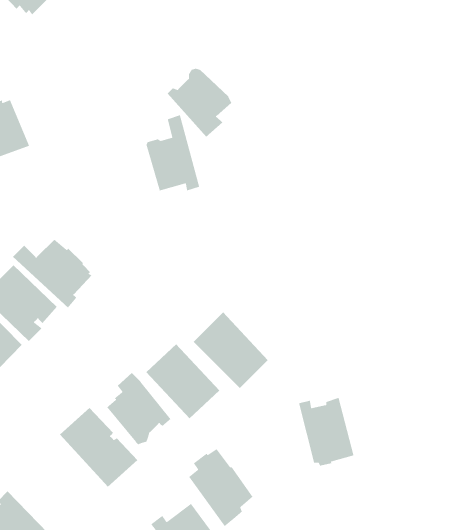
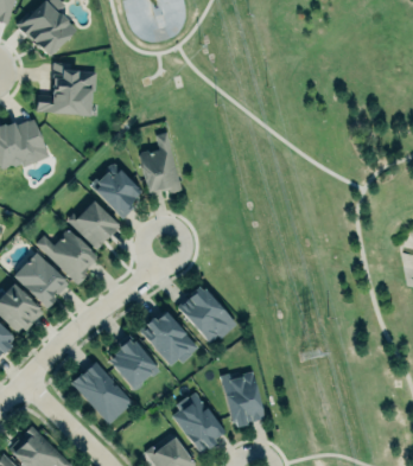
building: none -> [37,62,97,115]
building: [167,68,232,138] -> [91,164,142,218]
building: none -> [66,198,122,250]
building: [298,397,354,467] -> [221,371,265,426]

